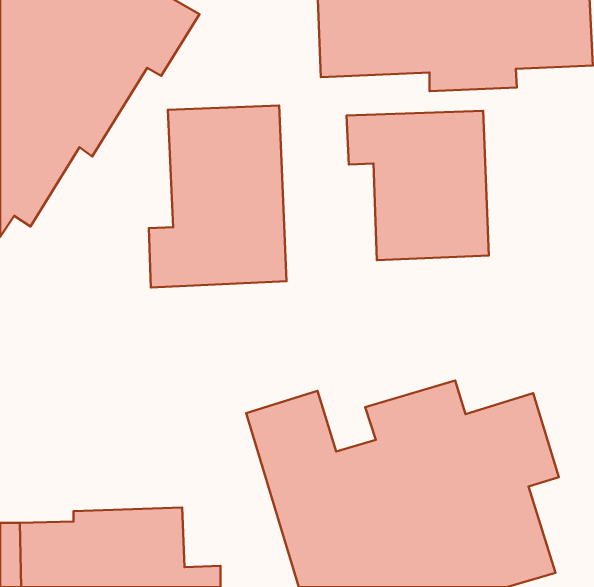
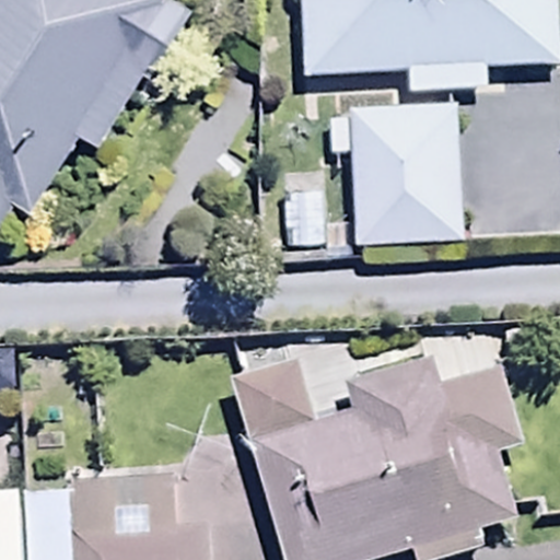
building: [149,105,286,288] -> none

